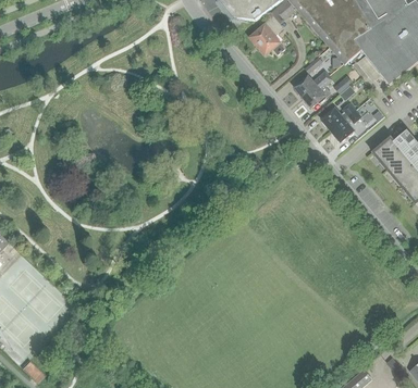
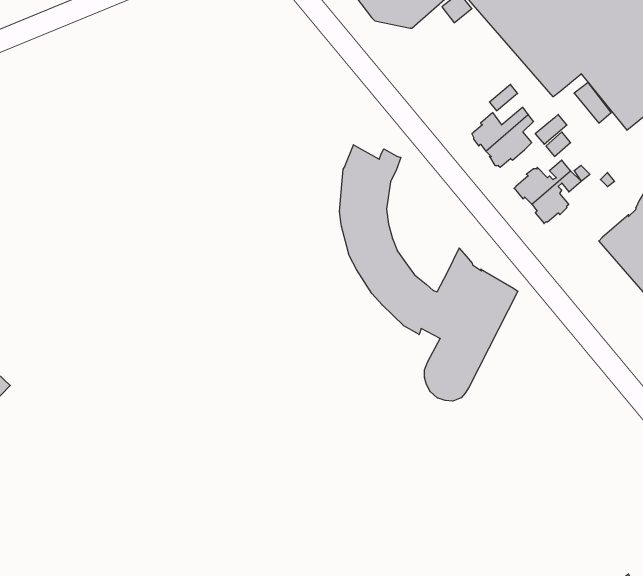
building: [250,16,284,54] -> none
building: none -> [340,145,518,401]

